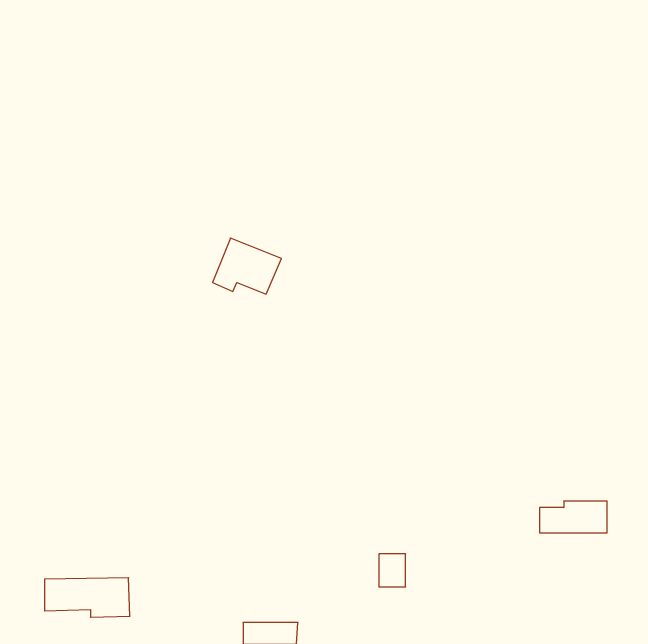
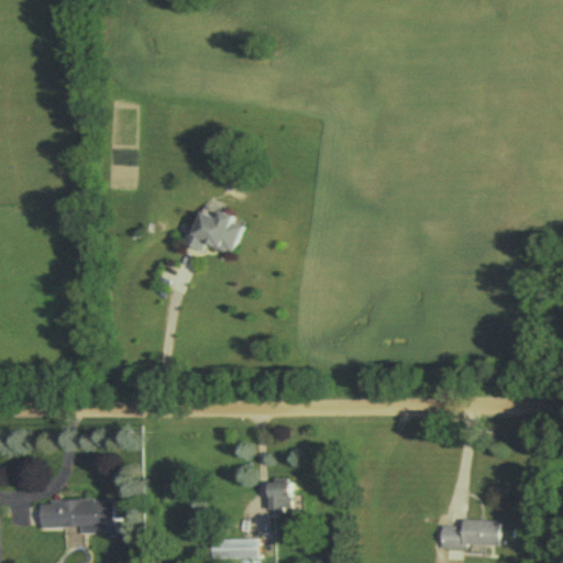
building: [540,501,607,533] -> [440,520,498,548]
building: [379,554,406,587] -> [267,481,290,509]

